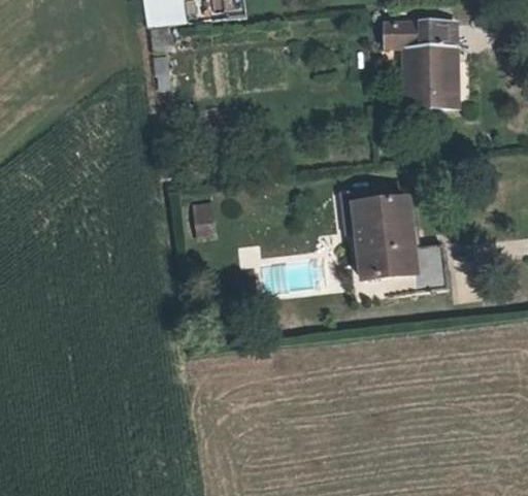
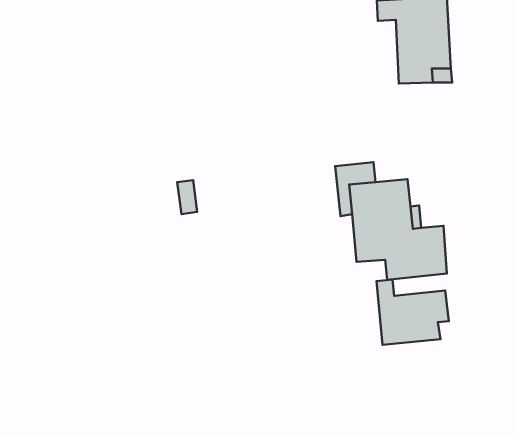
building: none -> [376,279,449,345]

